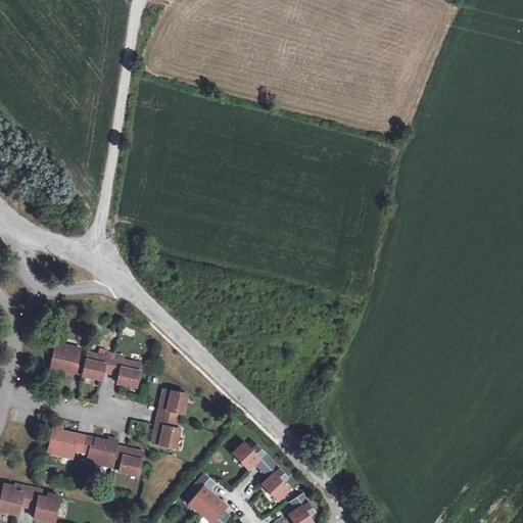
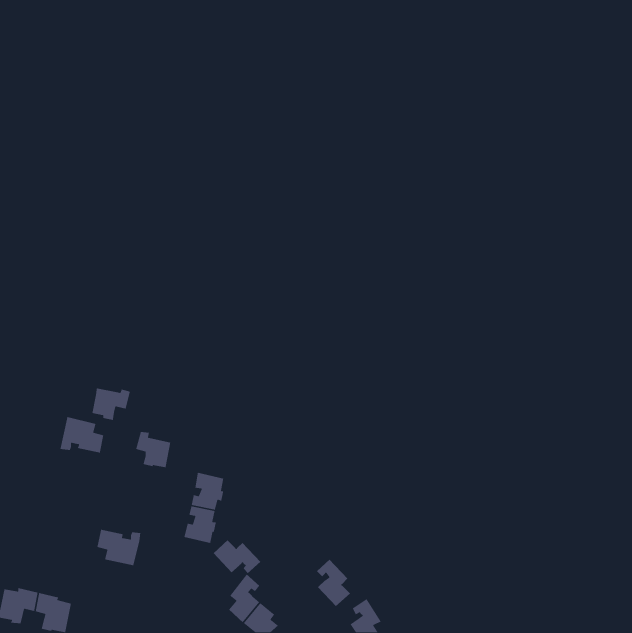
building: [83,352,115,380] -> [91,387,131,421]
building: [47,426,83,459] -> none
building: [232,442,272,471] -> [213,540,261,574]
building: [110,446,143,474] -> none

